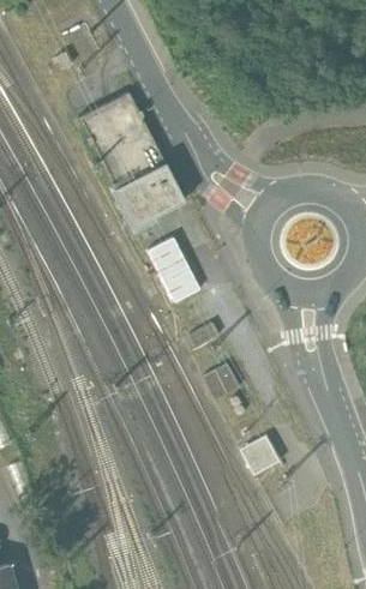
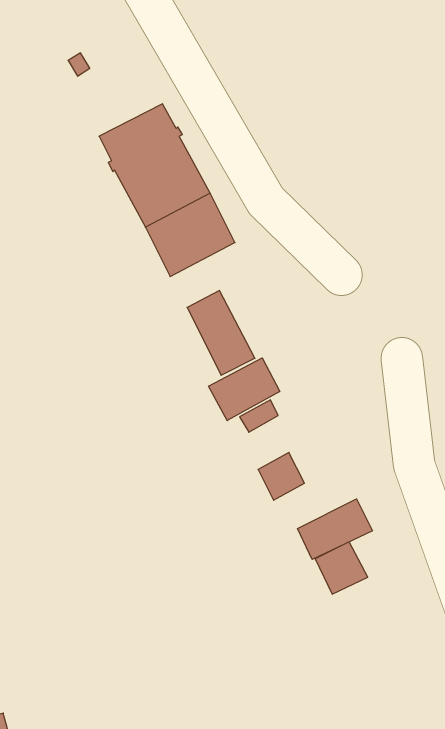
building: none -> [209,358,280,421]
building: none -> [298,499,372,559]

